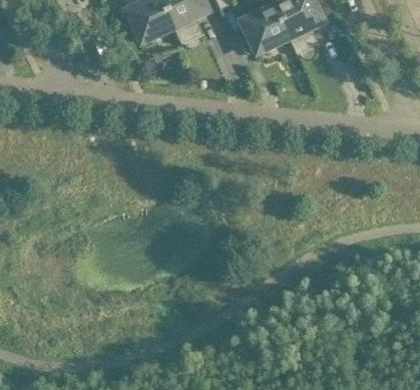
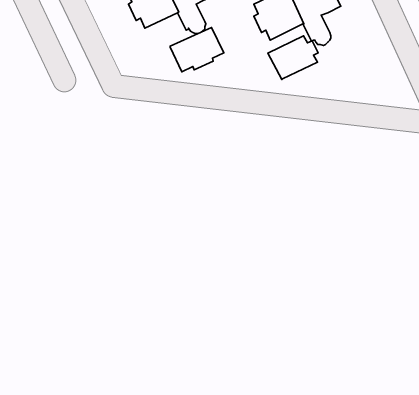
building: none -> [170,28,224,72]
building: none -> [268,36,318,79]

